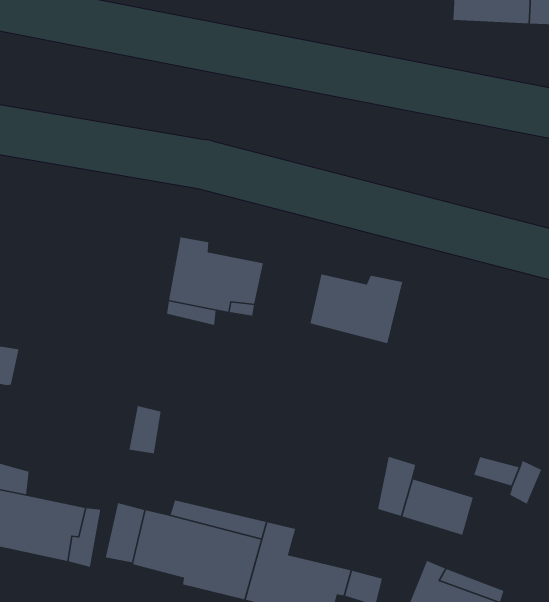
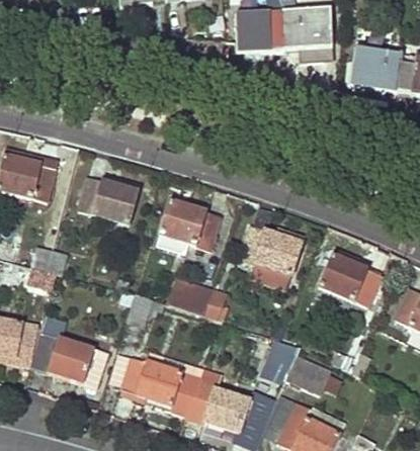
building: none -> [80,178,140,223]
building: none -> [321,249,381,300]
building: none -> [169,279,212,315]

